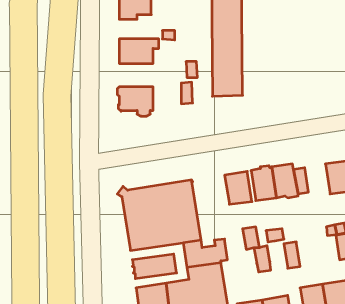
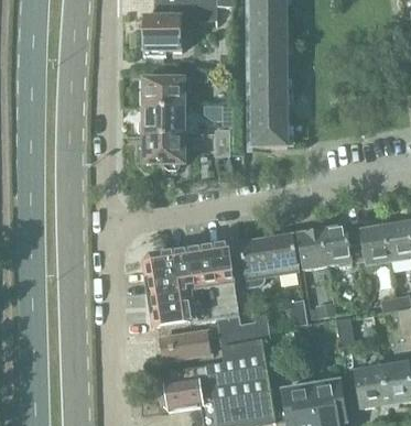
building: none -> [140,107,183,134]
building: none -> [360,225,390,264]
building: none -> [240,238,272,286]

